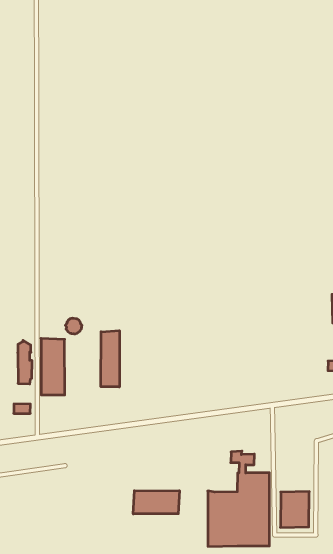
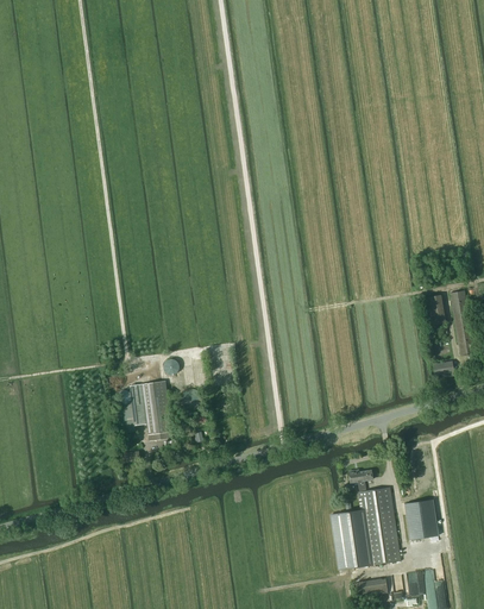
building: [101,331,119,387] -> none
building: [133,491,179,514] -> none

